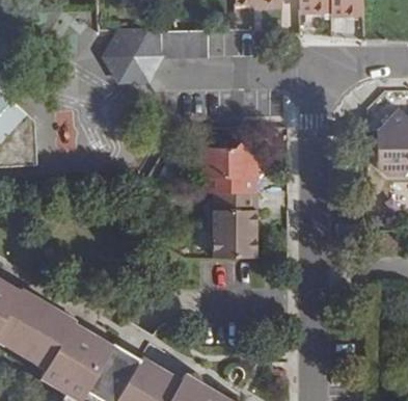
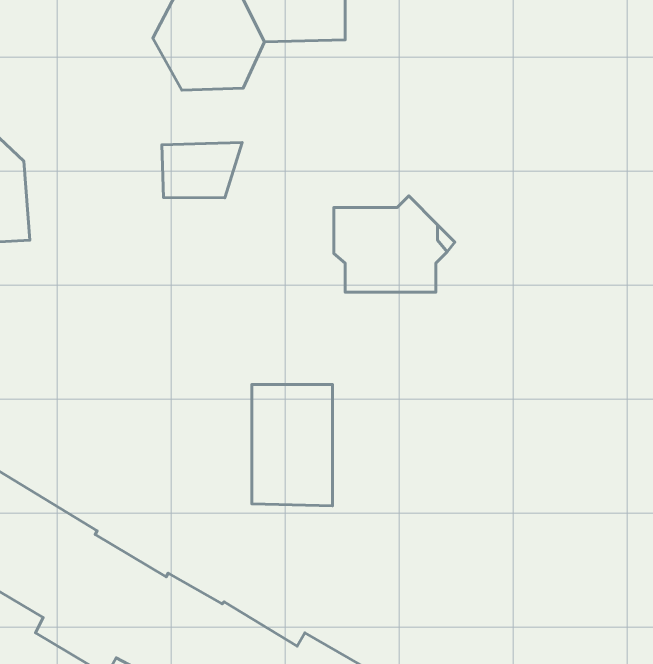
building: none -> [162,142,242,198]
building: [213,192,256,258] -> [252,384,333,506]

